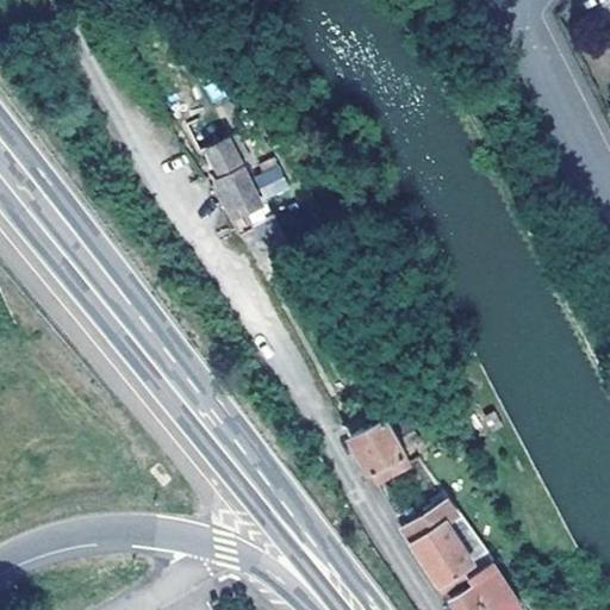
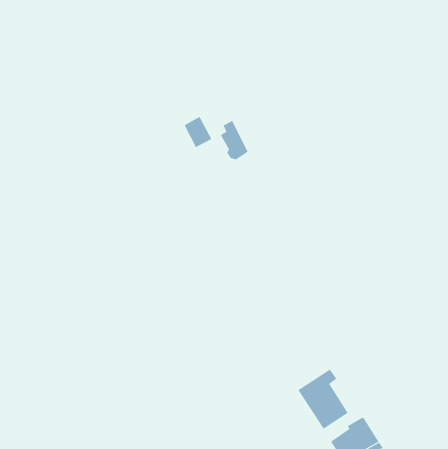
building: [217,158,255,212] -> [220,120,248,160]
building: [347,416,411,486] -> none

